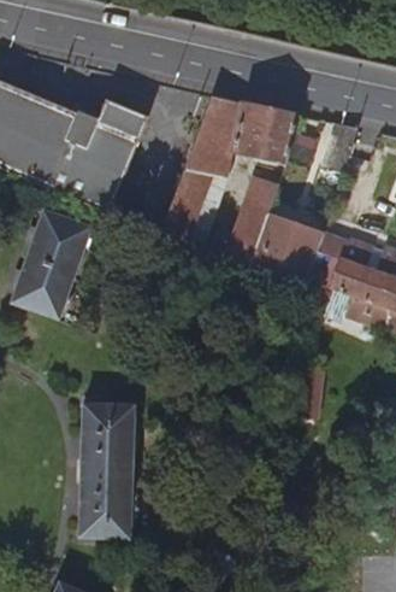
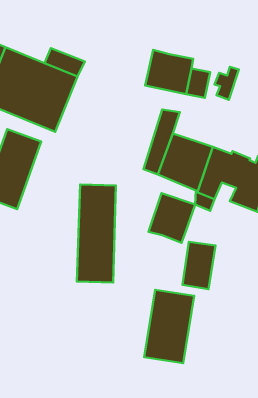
building: [162,95,243,251] -> none
building: none -> [149,193,195,243]
building: [79,404,132,537] -> [77,185,116,282]
building: none -> [144,290,194,363]

